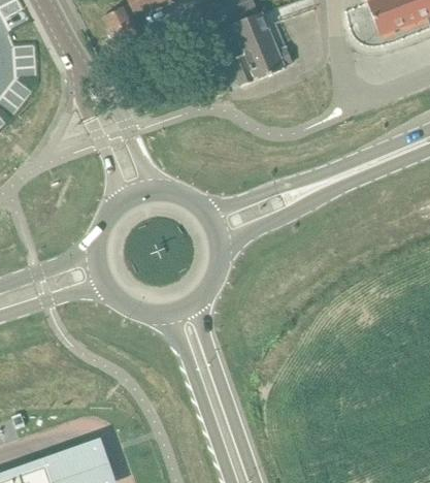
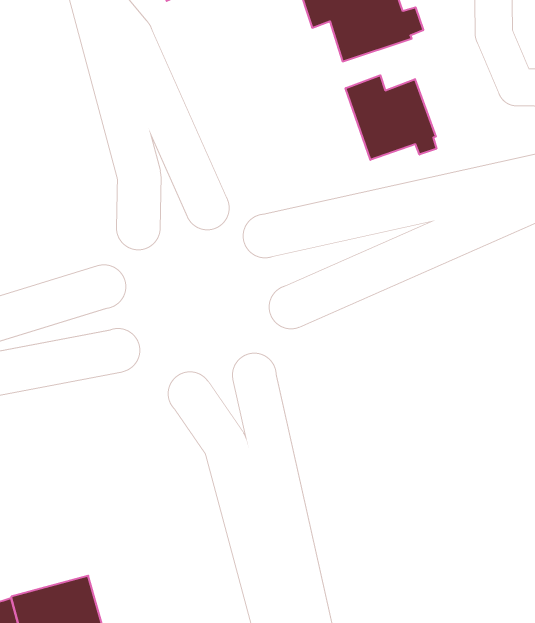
building: none -> [346,75,436,160]

